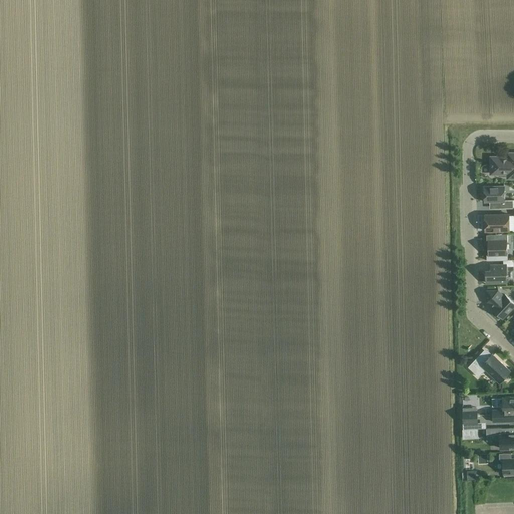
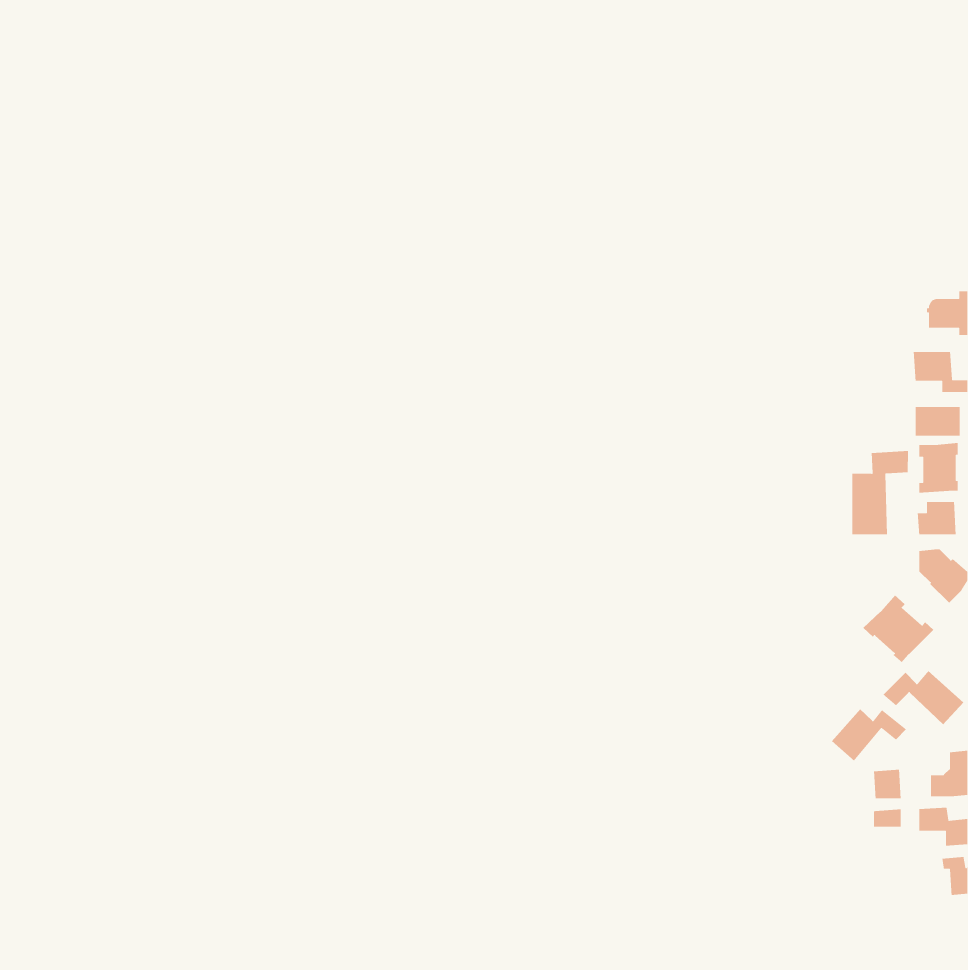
building: none -> [851,450,909,535]
building: none -> [862,595,934,663]
building: none -> [831,709,907,761]

